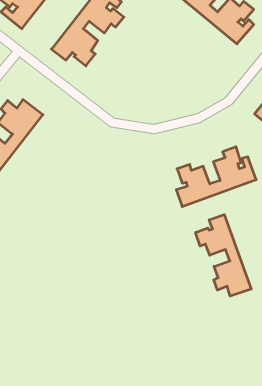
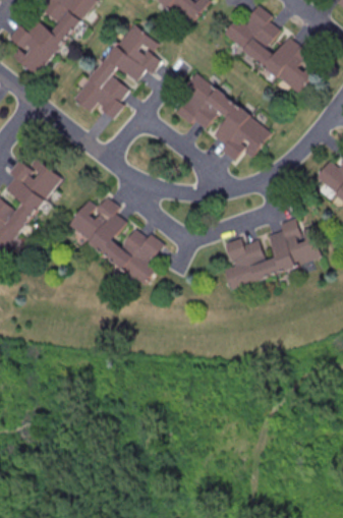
building: none -> [174,73,269,161]
building: none -> [69,195,164,285]
building: [196,215,251,296] -> none

